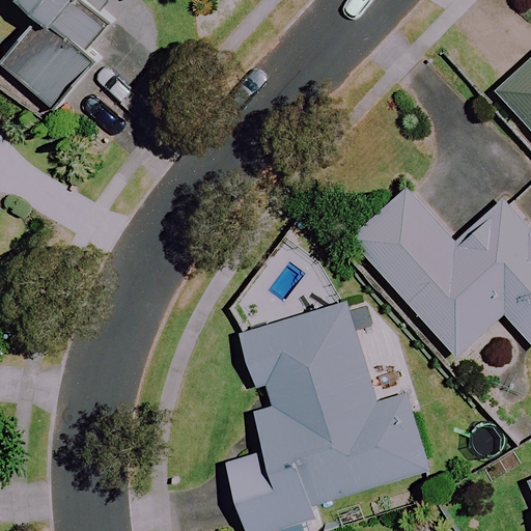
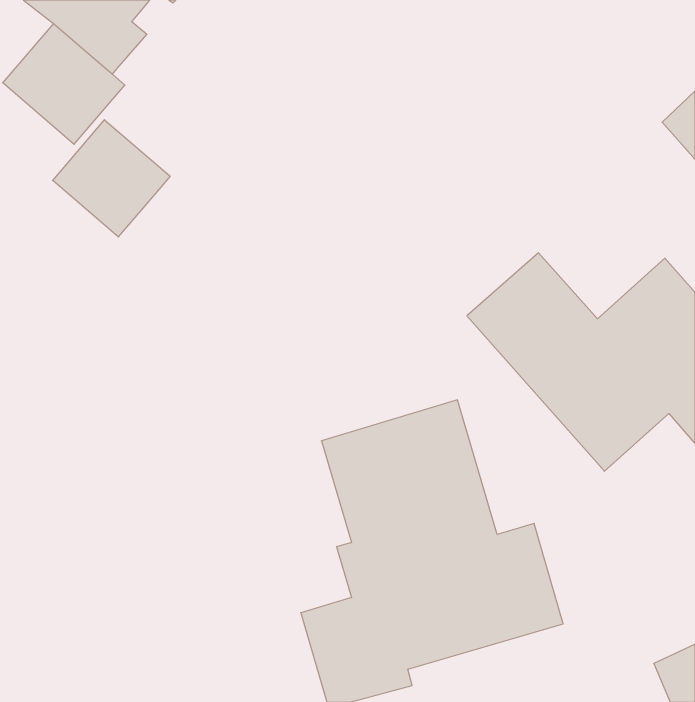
building: none -> [53,120,170,237]

